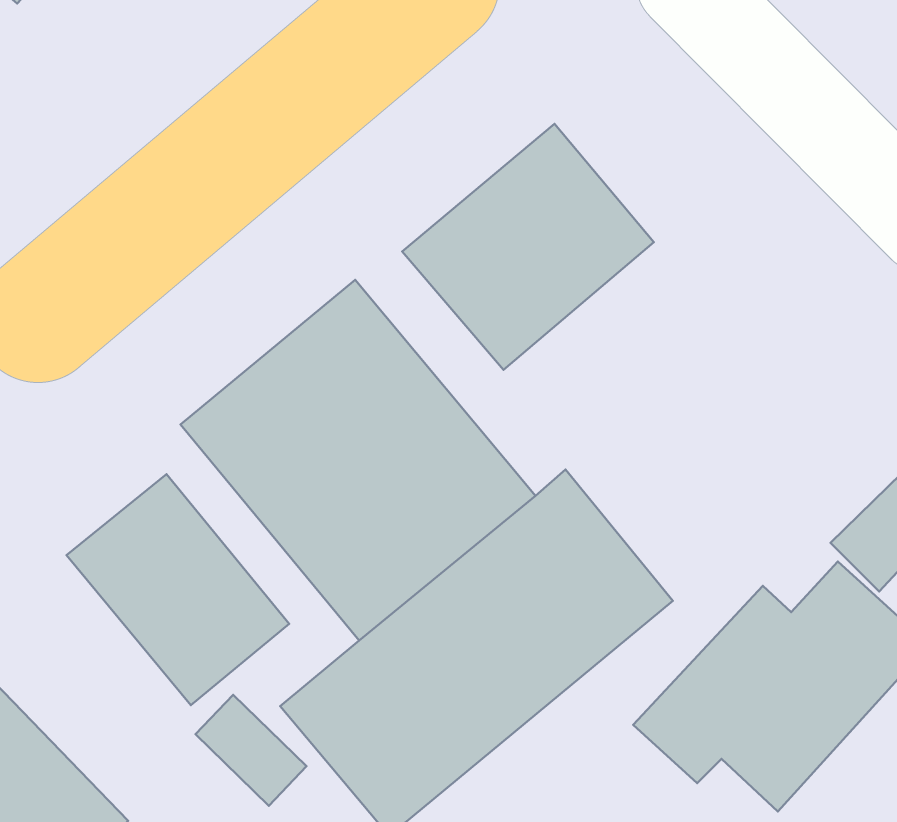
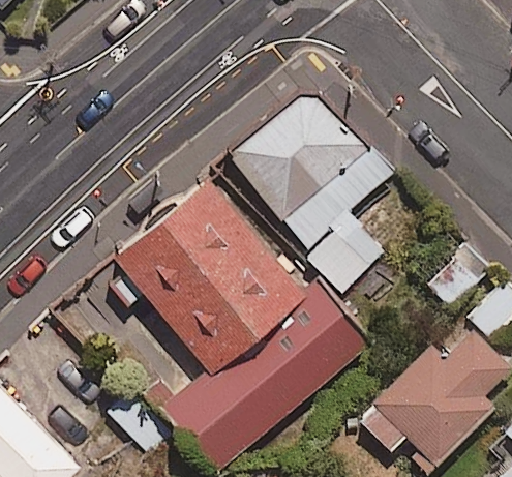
building: none -> [284,149,396,296]
building: [66,474,289,705] -> none

